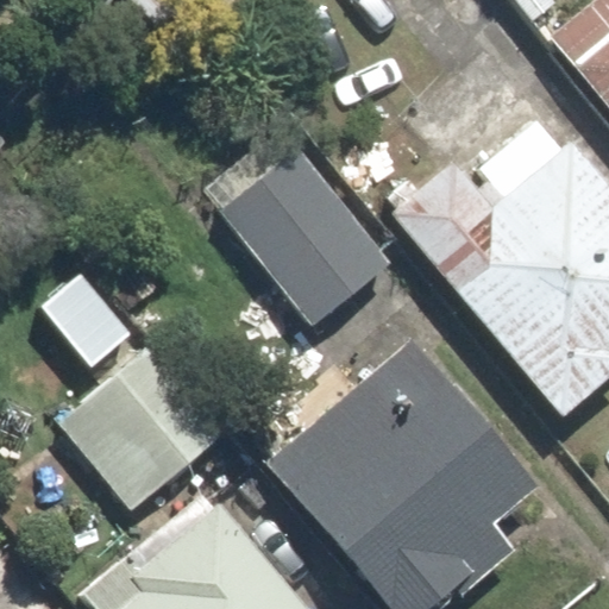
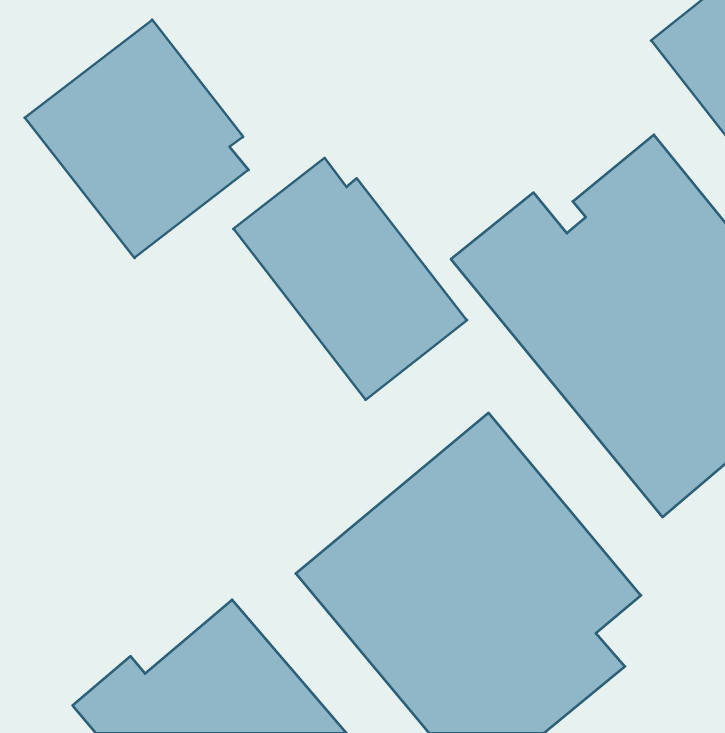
building: none -> [25,20,249,258]
building: [61,343,228,511] -> none

